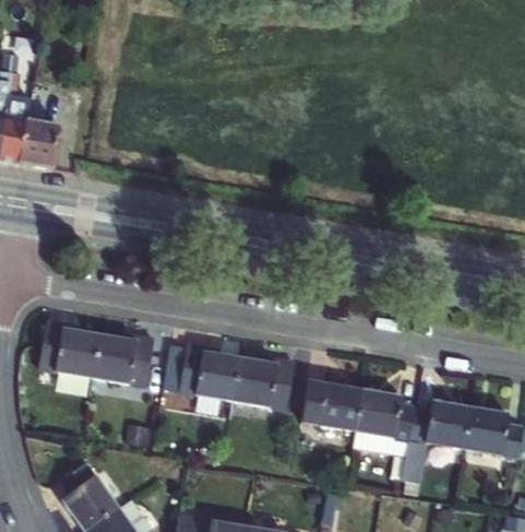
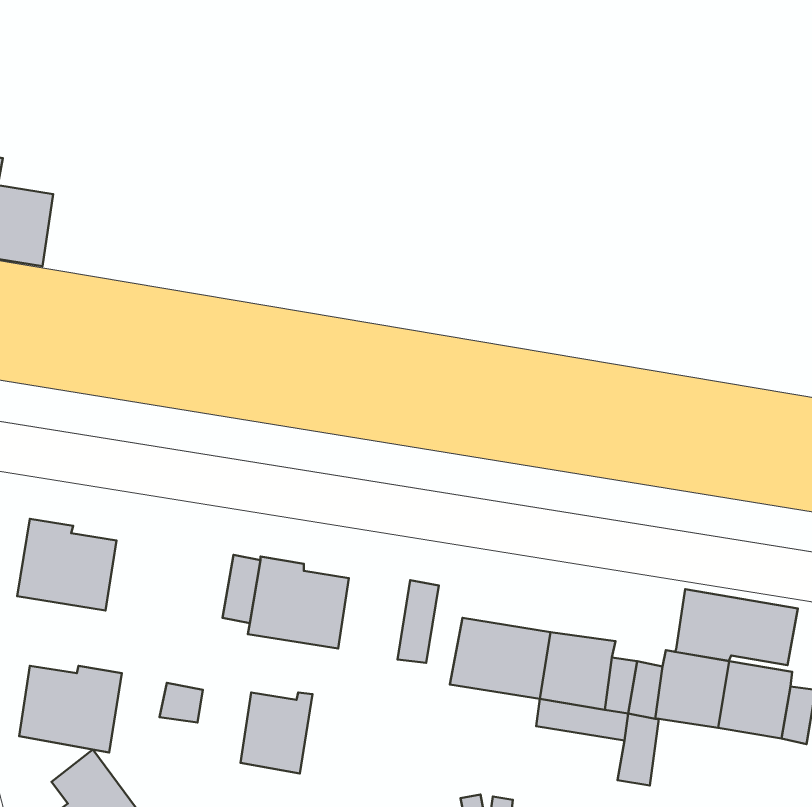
building: [93,334,155,387] -> [19,666,122,752]
building: [234,357,277,406] -> [240,692,313,774]
building: none -> [675,589,798,665]

